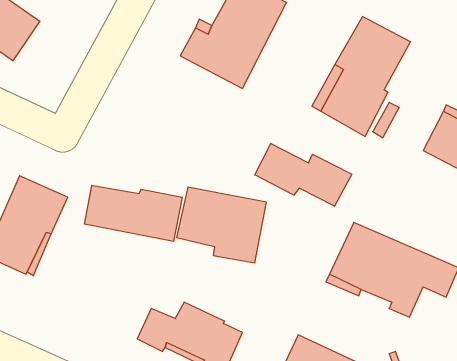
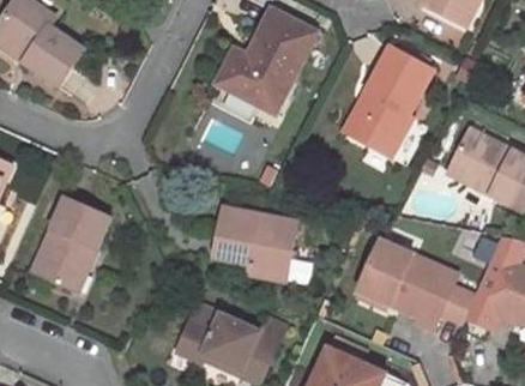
building: [255,143,352,206] -> none
building: [85,185,182,241] -> none

